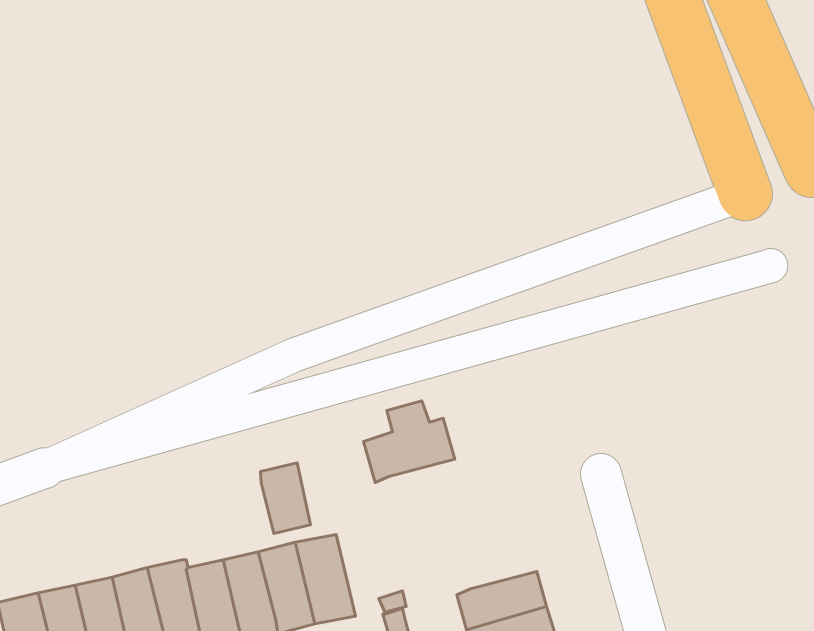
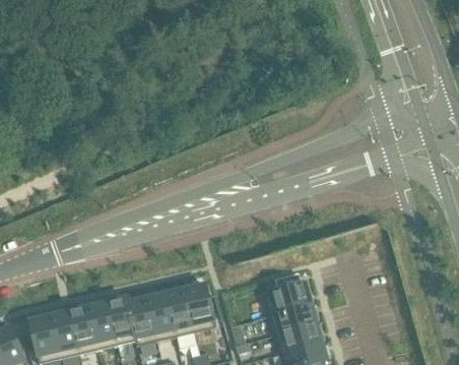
building: [363,401,455,482] -> [264,272,312,315]
building: [260,463,311,533] -> none

